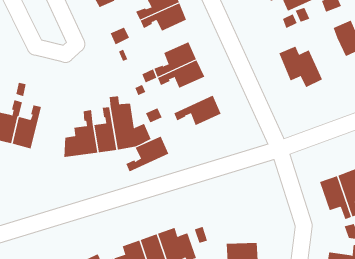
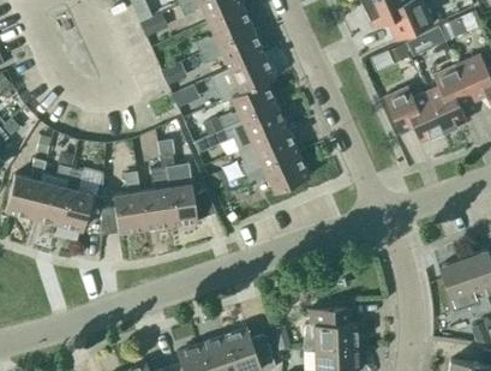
building: none -> [210,52,275,100]
building: none -> [425,62,473,131]
building: none -> [56,167,91,229]
building: [126,136,169,172] -> [240,127,298,175]
building: none -> [303,307,357,348]

